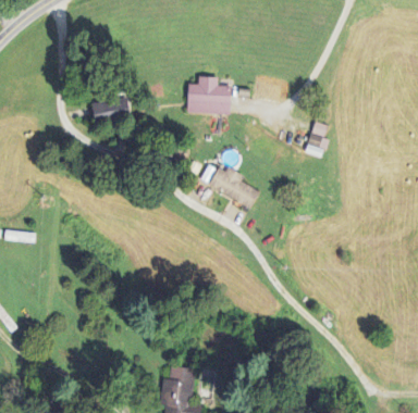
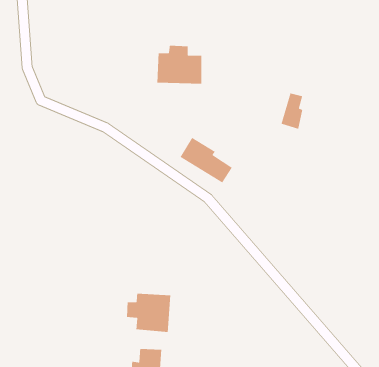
building: [93,97,131,123] -> none
building: none -> [126,293,171,333]

